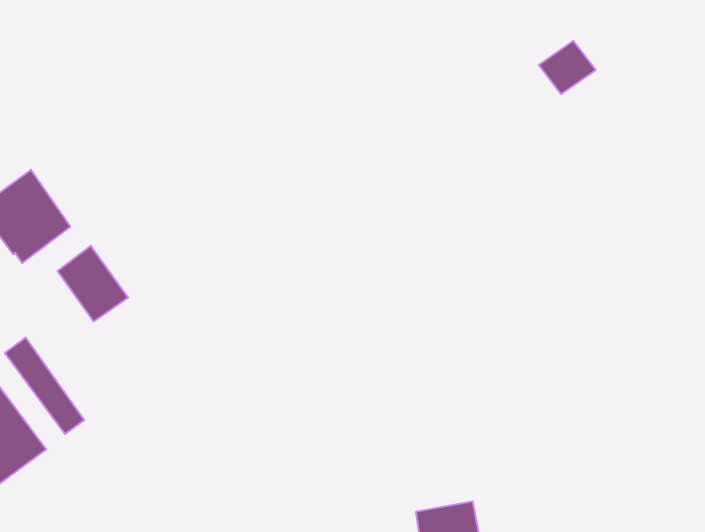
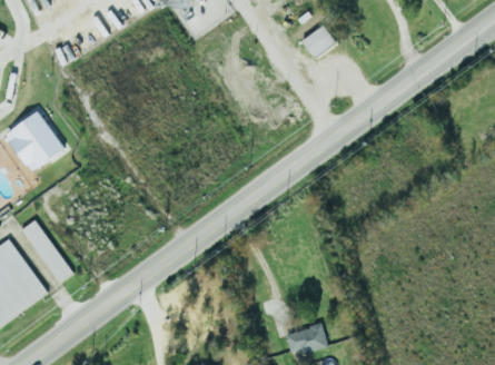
building: [539,41,596,94] -> [301,23,338,58]
building: [58,246,128,321] -> none

